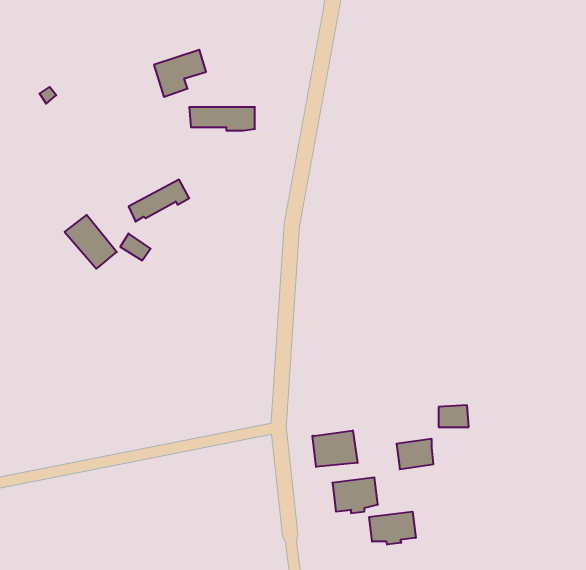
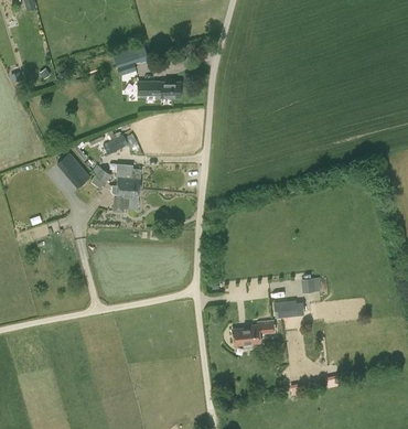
building: none -> [111,164,140,213]
building: [312,430,358,467] -> none
building: [369,512,416,545] -> none

